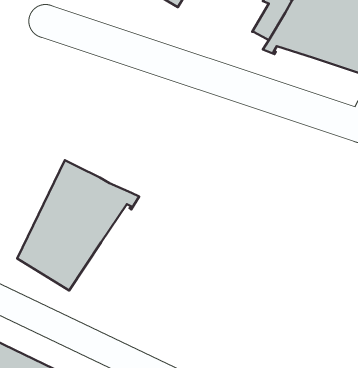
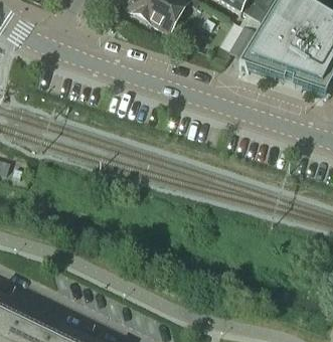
building: [17,160,139,290] -> none

